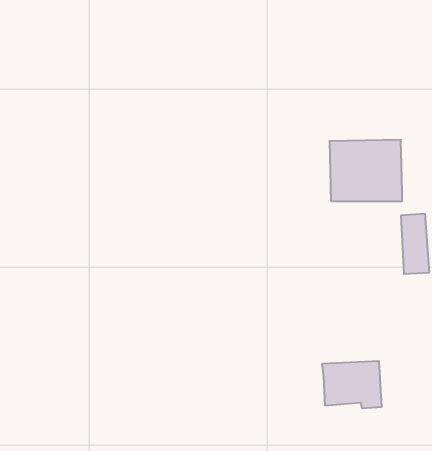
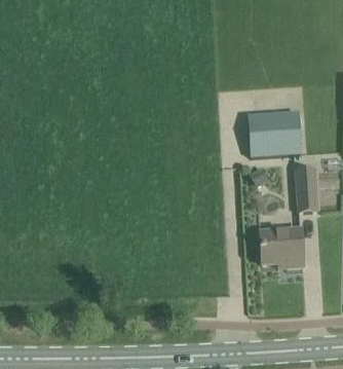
building: [322,361,382,408] -> [259,230,302,264]

